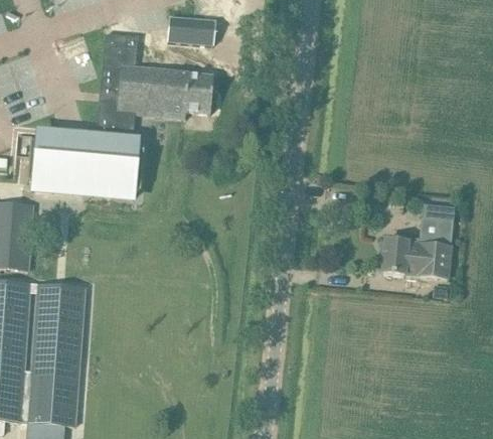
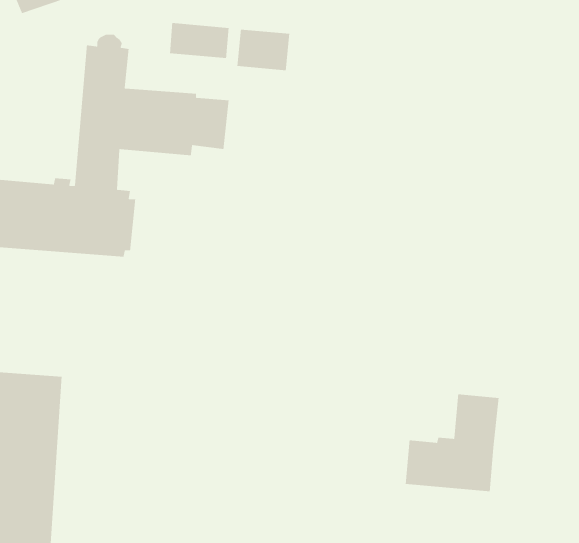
building: none -> [236,29,290,71]
building: [381,204,454,280] -> [405,394,500,492]

